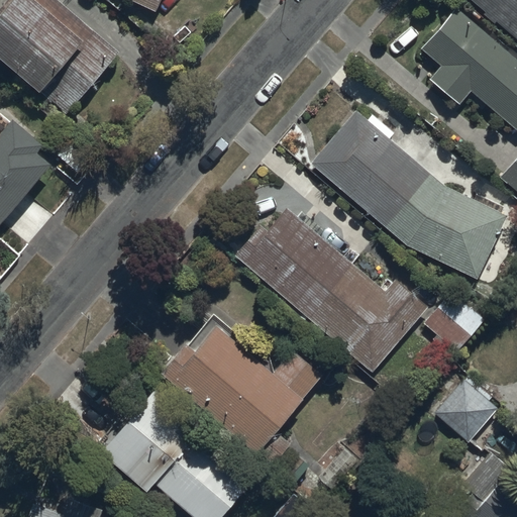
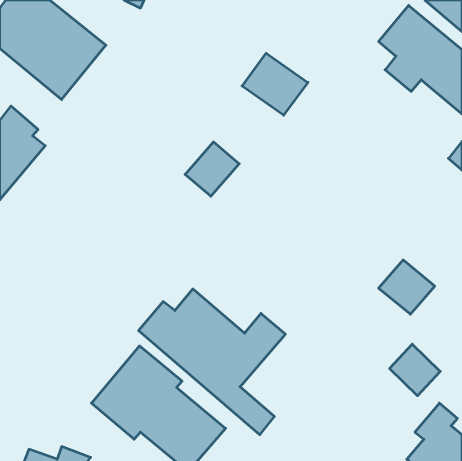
building: none -> [242,53,308,115]
building: [312,111,507,280] -> none
building: none -> [185,142,239,196]
building: [234,210,427,373] -> none

